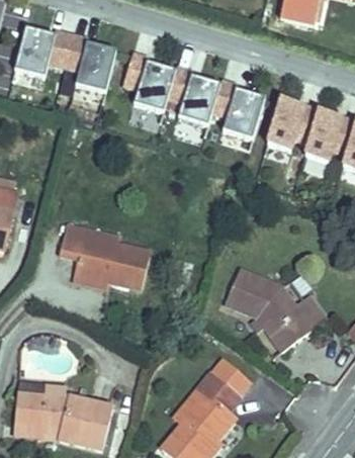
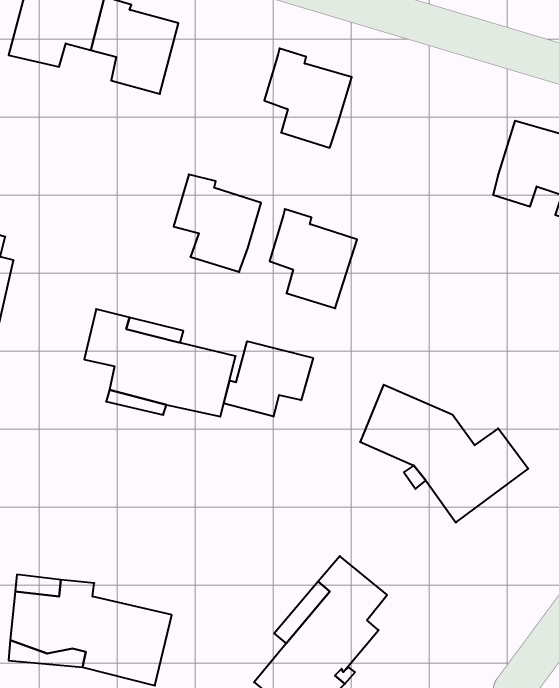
building: [123,53,176,111] -> [174,174,261,272]
building: [212,79,265,139] -> [270,209,357,308]
building: [268,97,319,150] -> none
building: none -> [224,341,313,417]

